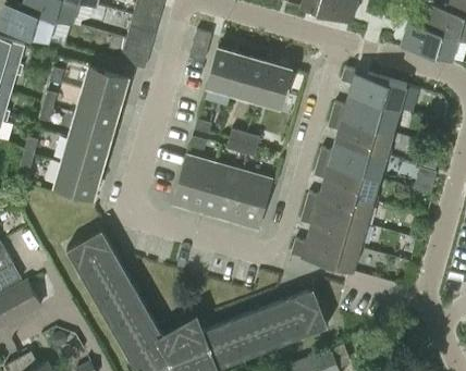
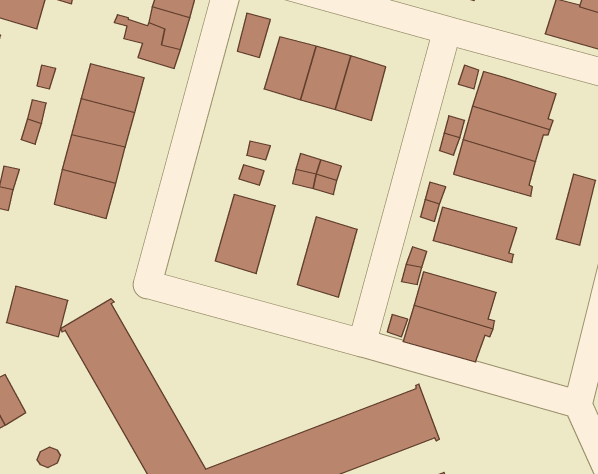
building: [329,143,390,180] -> none
building: [54,163,97,198] -> [6,286,68,337]
building: [200,164,242,219] -> none
building: [316,188,377,224] -> none

